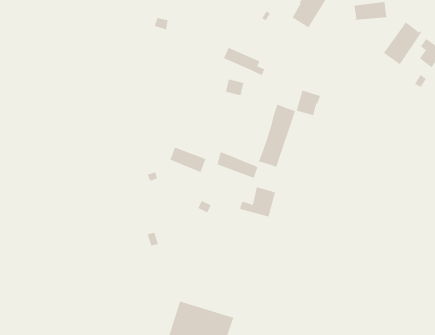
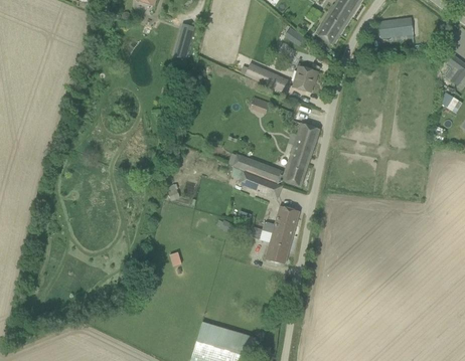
building: [383,21,422,65] -> none
building: [296,90,321,116] -> [293,65,318,92]
building: [169,147,206,173] -> [247,158,284,184]
building: none -> [248,224,293,263]

